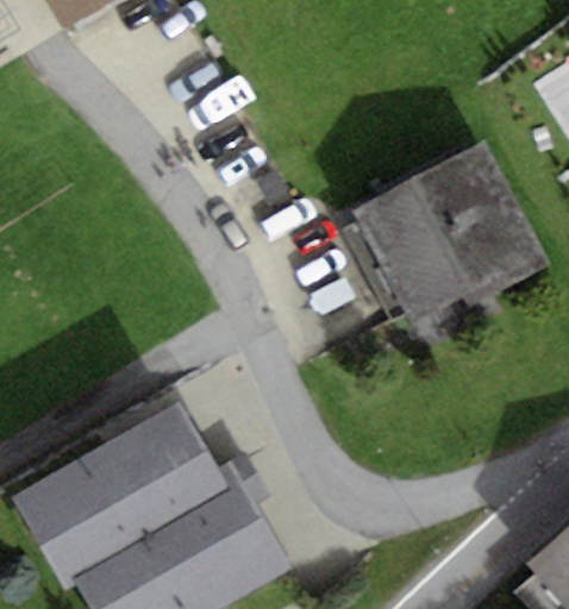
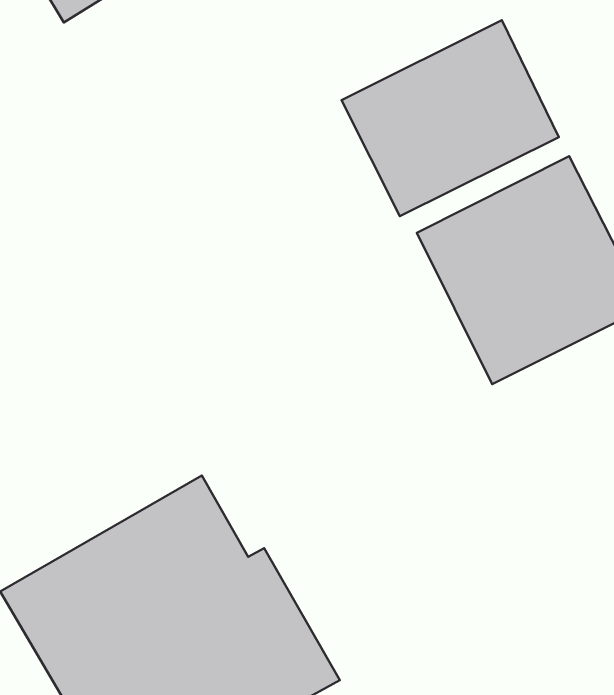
building: none -> [342,20,559,216]

